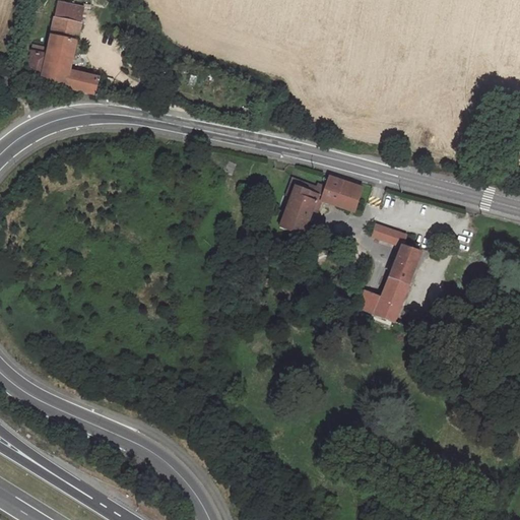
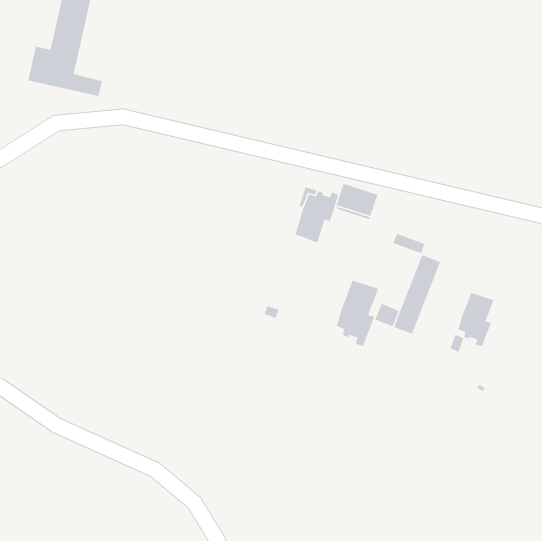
building: none -> [335,280,379,347]
building: none -> [457,292,495,347]

